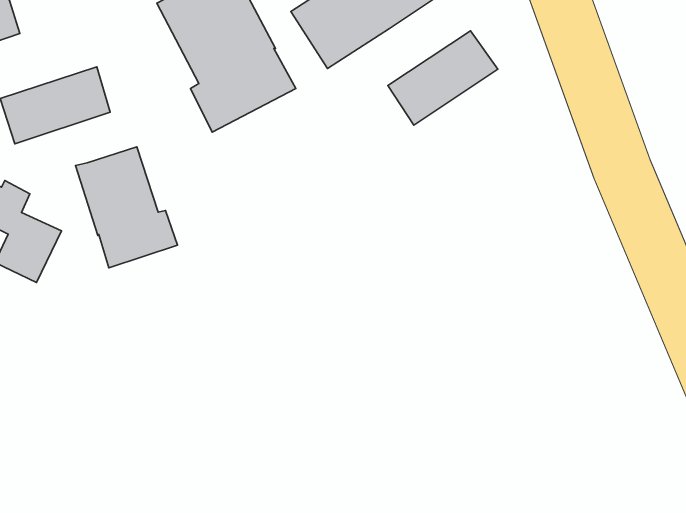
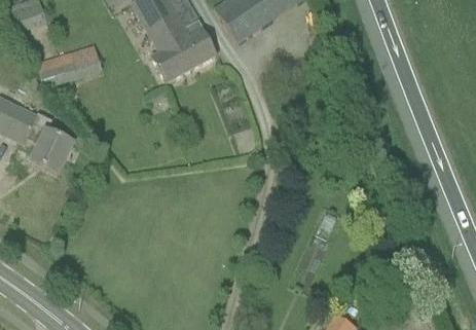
building: [388,31,498,125] -> none
building: [75,147,177,268] -> none

